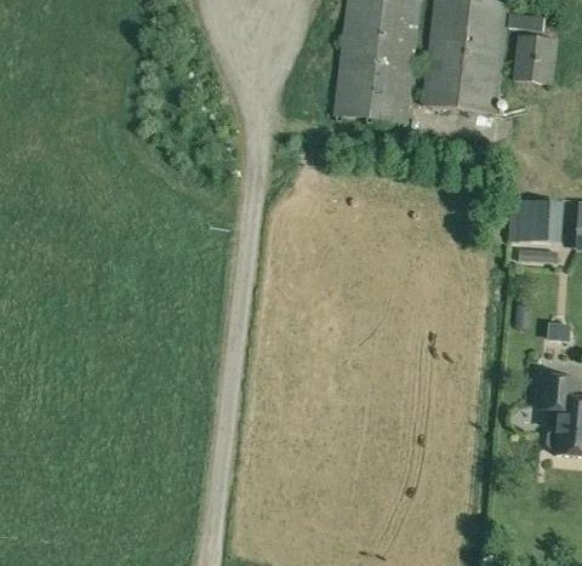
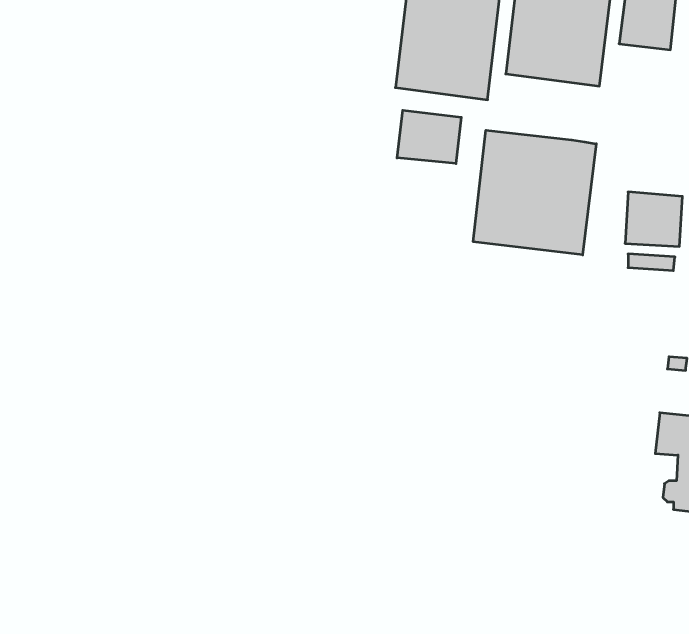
building: none -> [397,110,461,164]
building: none -> [473,130,596,255]

